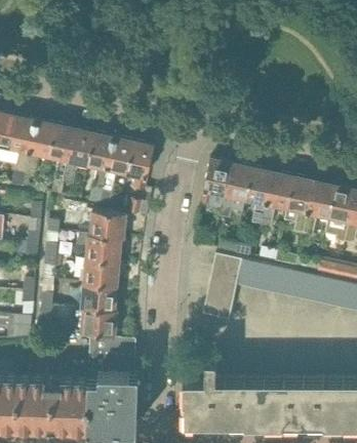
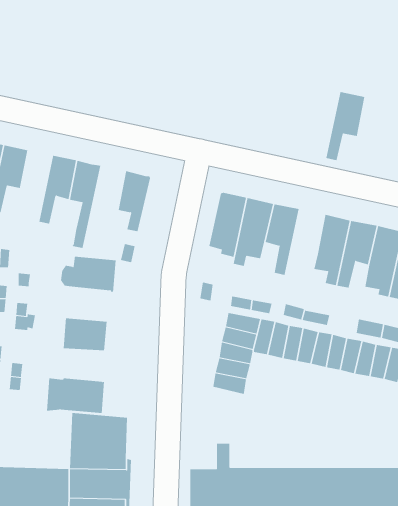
building: [49,125,75,196] -> none
building: [100,137,133,206] -> none
building: [262,172,293,228] -> [326,92,365,161]
building: [77,234,121,263] -> none
building: [81,284,117,311] -> none

